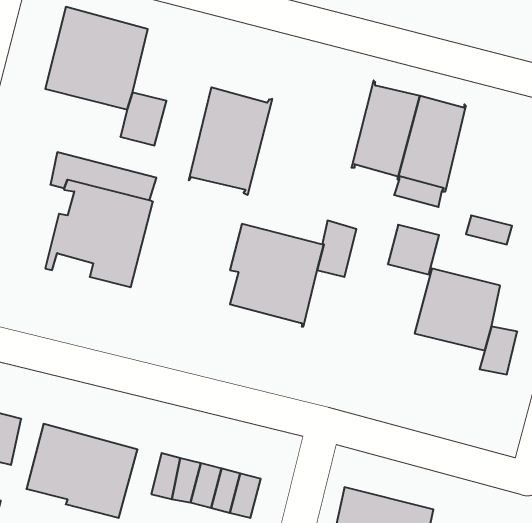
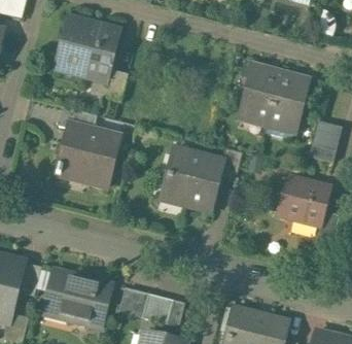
building: [189,87,272,195] -> none
building: [388,225,439,274] -> [311,119,342,149]

